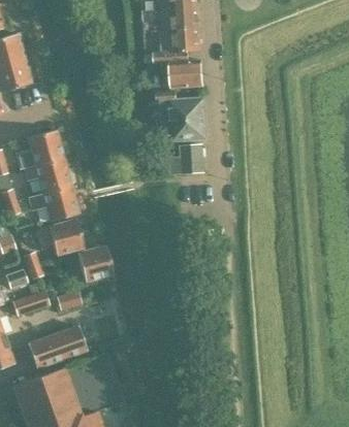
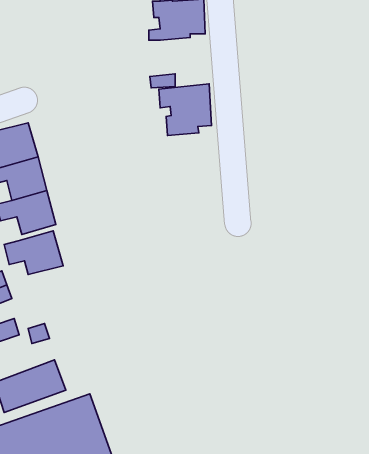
building: [163,60,202,88] -> none
building: [181,144,203,172] -> none
building: [76,245,113,282] -> none

